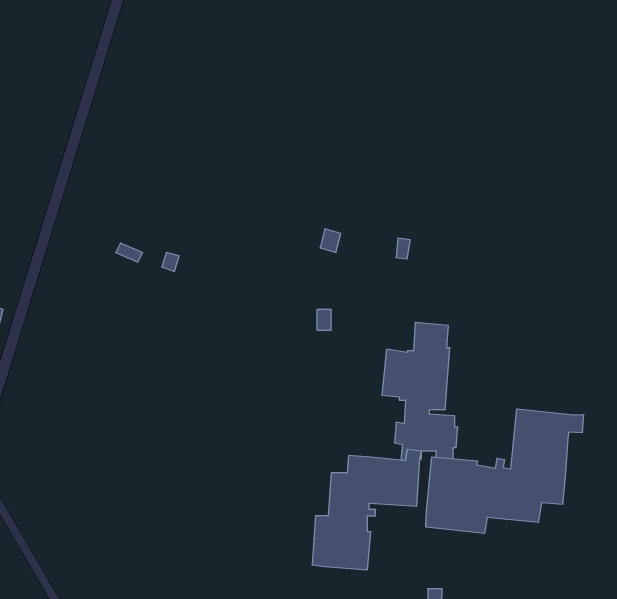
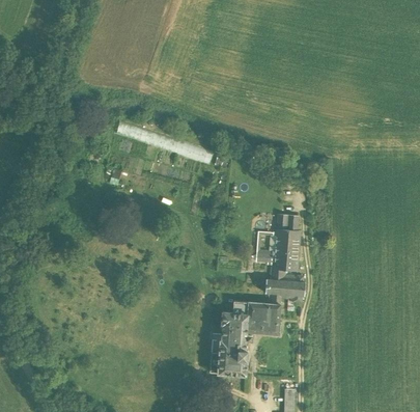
building: [426,409,583,533] -> none

